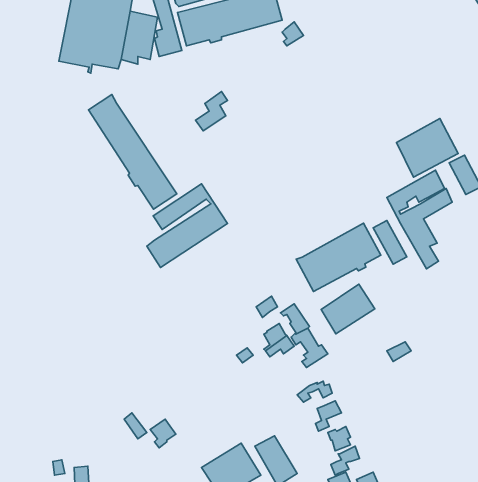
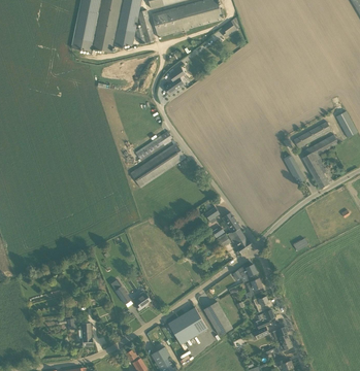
building: [88,95,177,209] -> none
building: [396,118,458,177] -> none
building: [296,223,381,291] -> none
building: [321,284,375,334] -> none

